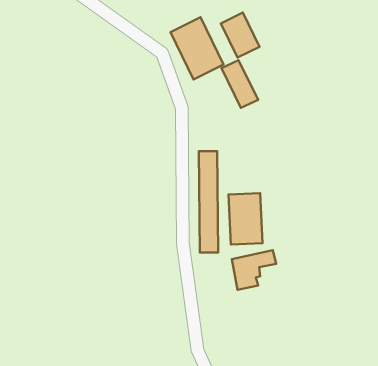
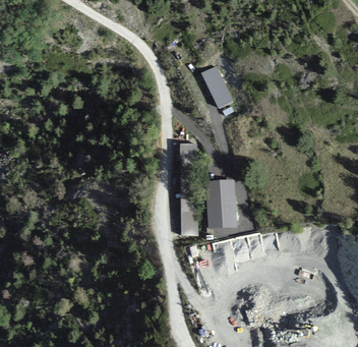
building: [221,13,259,58] -> none
building: [170,17,224,80] -> none

